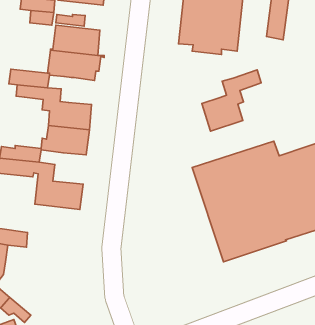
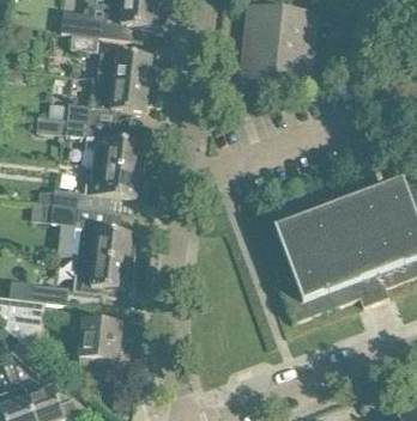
building: [202,70,261,131] -> none
building: none -> [73,254,128,292]
building: none -> [49,309,121,373]

